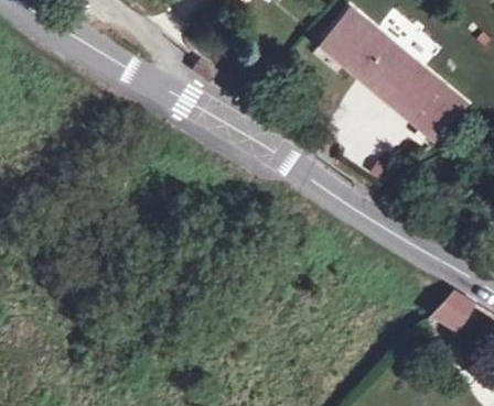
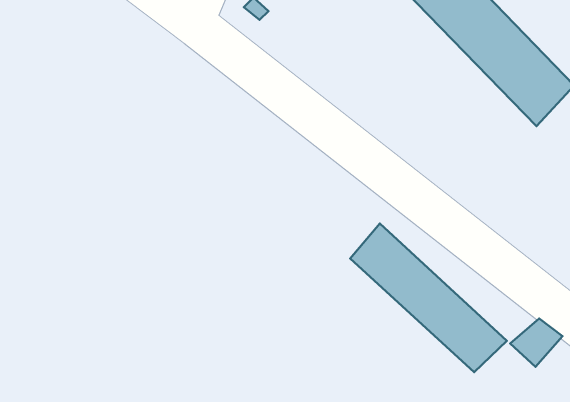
building: none -> [350,224,507,372]

